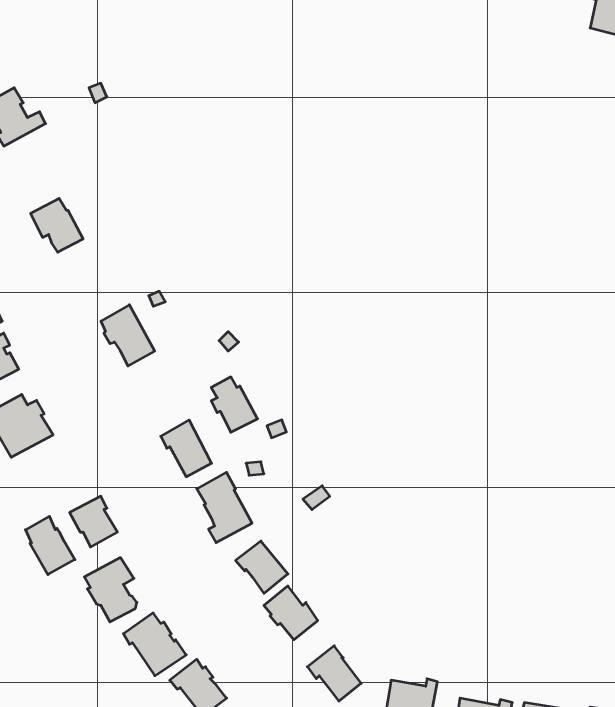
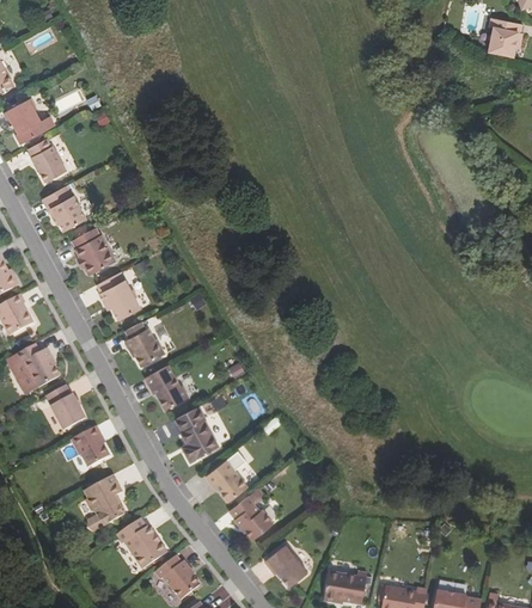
building: none -> [29,139,66,182]
building: none -> [72,228,115,274]
building: [211,377,258,432] -> [126,321,163,366]
building: [25,516,75,575] -> [47,383,86,430]

